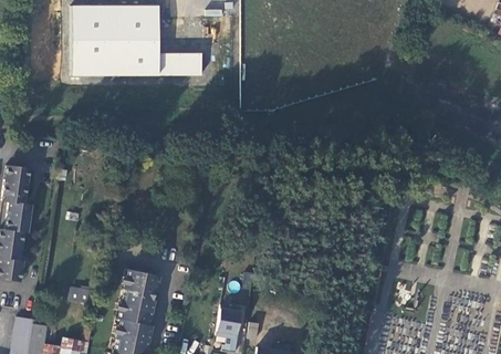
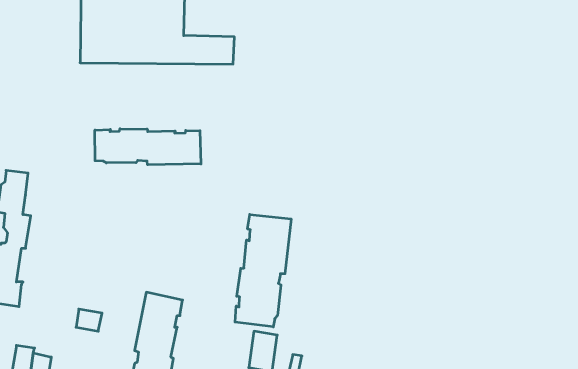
building: none -> [95,129,201,165]
building: none -> [235,214,291,327]

